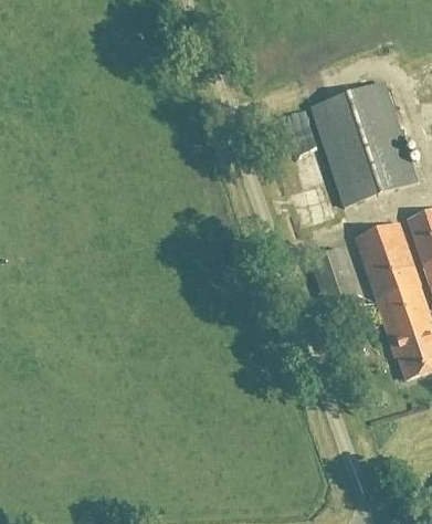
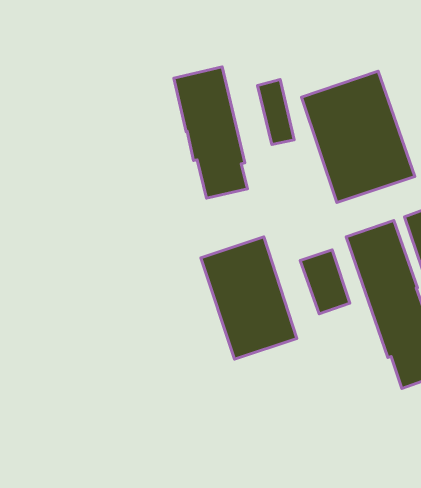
building: none -> [174,67,247,198]
building: none -> [201,237,297,359]

